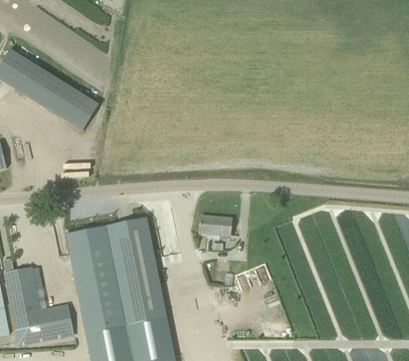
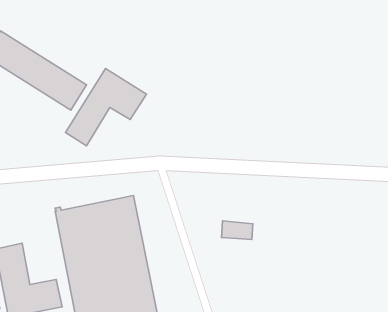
building: none -> [66,68,147,146]
building: [198,216,230,235] -> [221,221,253,240]

